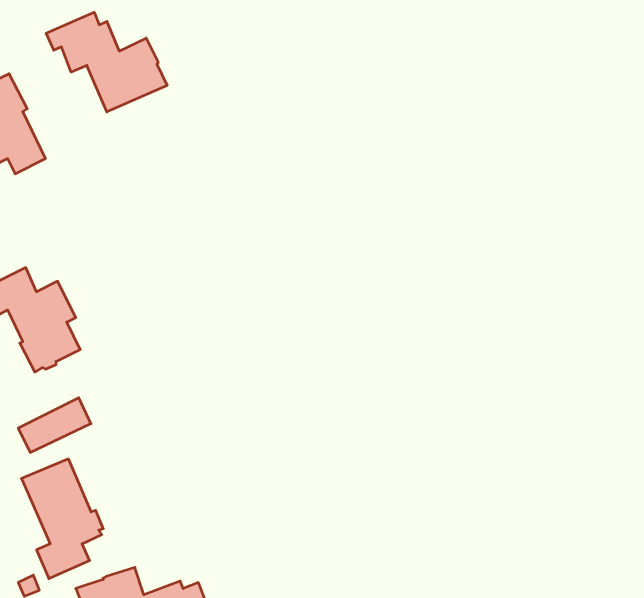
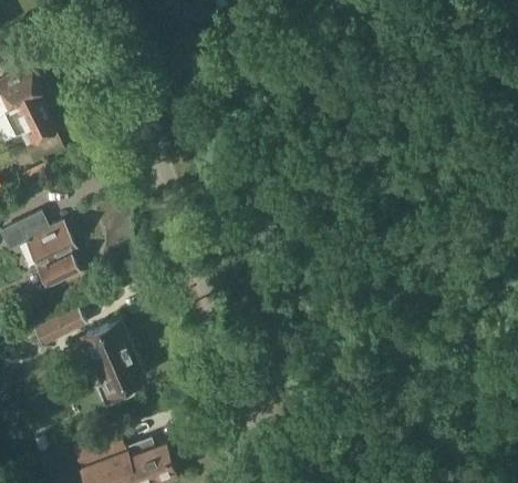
building: [46,12,167,112] -> none
building: [21,459,103,579] -> [86,320,146,408]

